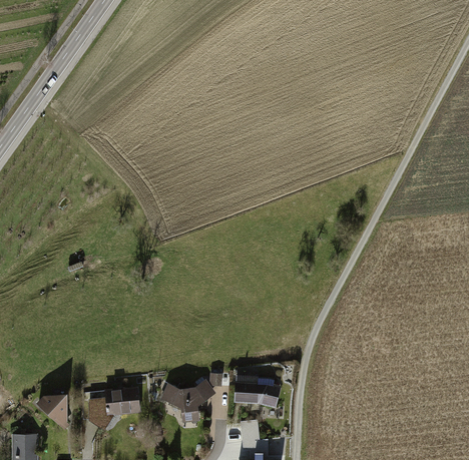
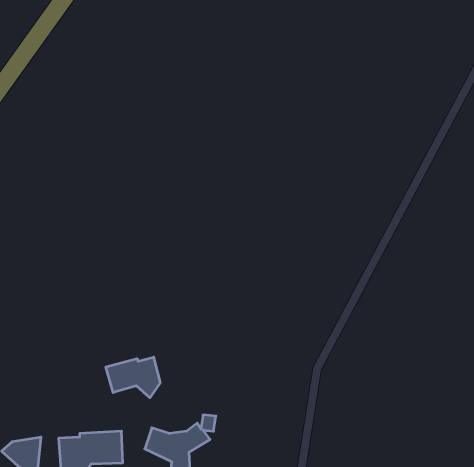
building: none -> [106,357,160,398]
building: [232,377,281,407] -> none

